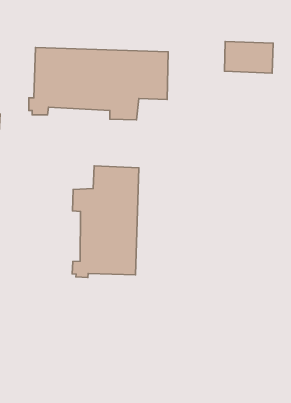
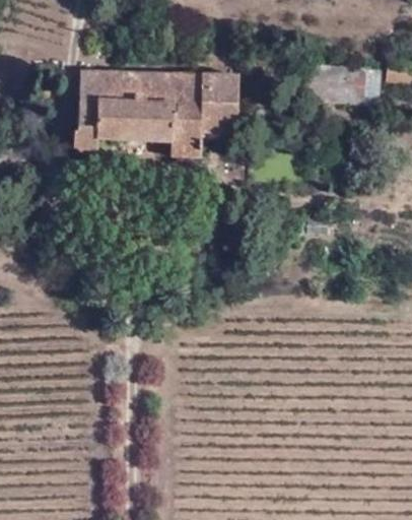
building: [72,166,139,278] -> none

